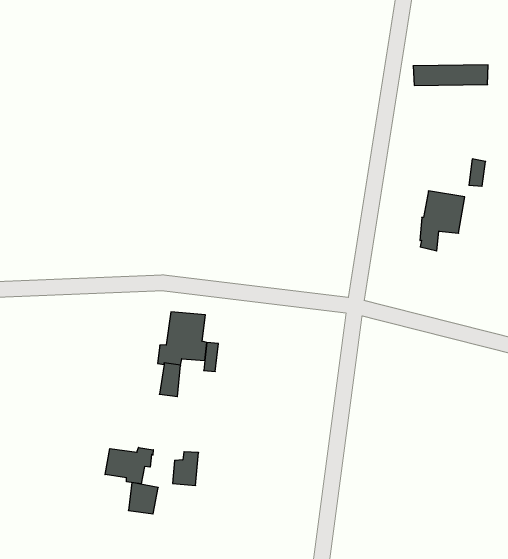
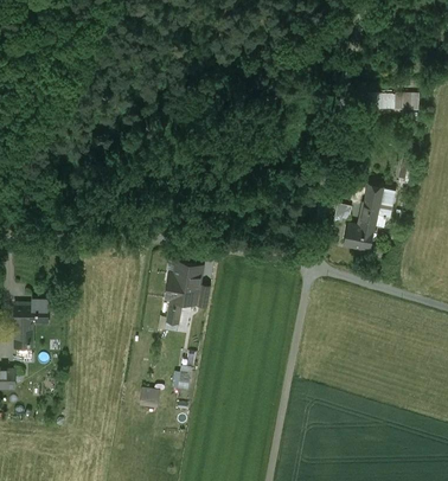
building: none -> [341,224,372,250]
building: [105,447,153,484] -> none

